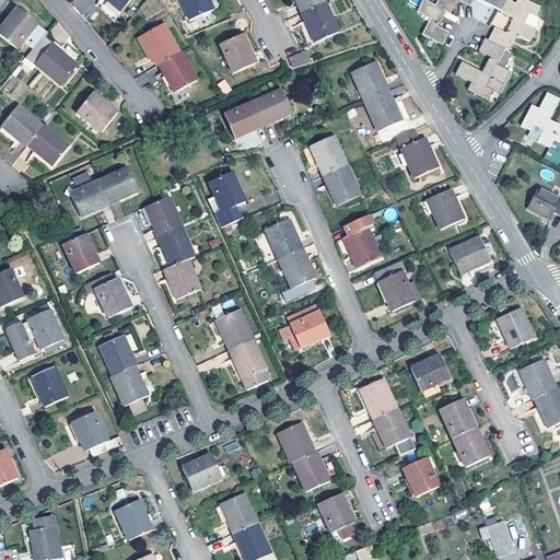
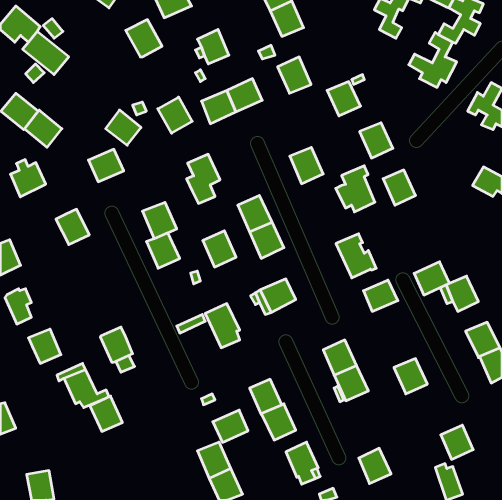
building: [159,50,197,91] -> [158,97,192,133]
building: [351,60,388,101] -> [278,57,311,93]
building: [77,91,116,130] -> [106,110,141,145]
building: [310,135,347,174] -> none
building: [70,175,109,217] -> [10,160,46,197]
building: [141,195,184,235] -> none
building: [336,215,380,267] -> [336,166,375,212]
building: [450,235,489,272] -> [414,262,449,295]
building: [85,271,131,316] -> none
building: [27,308,65,348] -> none
building: [215,308,253,349] -> [203,231,236,267]
building: [101,335,137,374] -> none
building: [411,354,450,389] -> [363,280,398,311]
building: [452,428,488,466] -> [441,425,473,459]
building: [182,453,221,489] -> [213,410,248,442]
building: [402,456,439,495] -> [359,448,391,484]
building: [116,499,152,538] -> [90,396,122,431]

